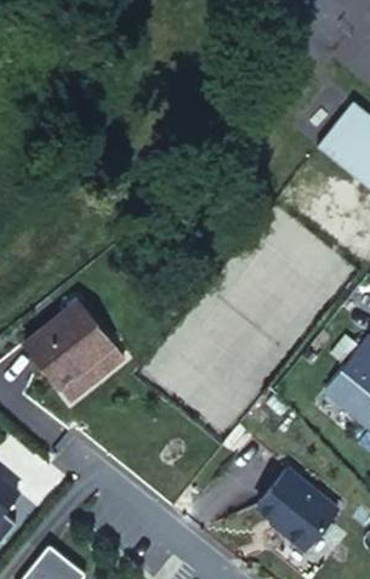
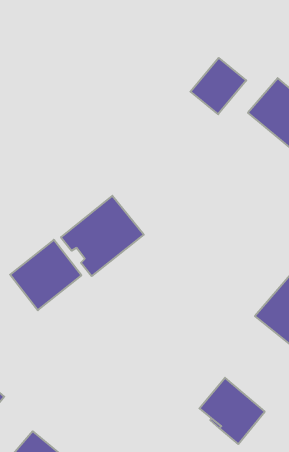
building: none -> [190,58,246,114]
building: none -> [61,196,144,276]

